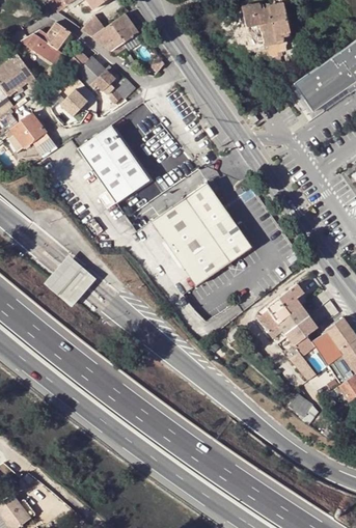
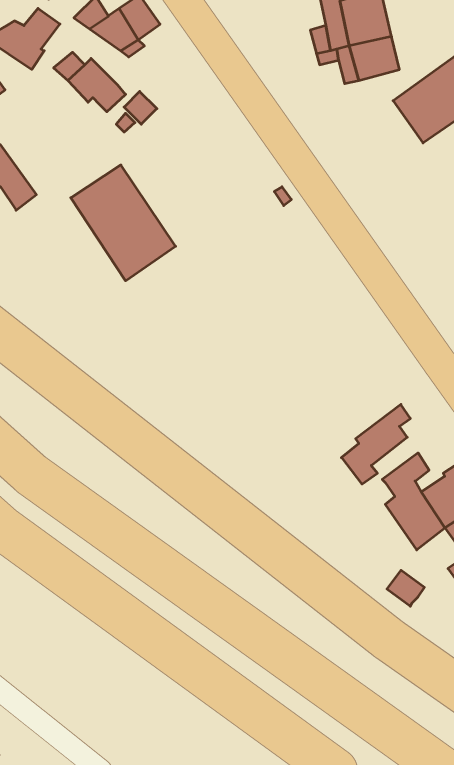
building: [59,88,89,118] -> none
building: [149,178,251,284] -> none
building: [46,256,97,308] -> none
building: [272,306,309,343] -> none

